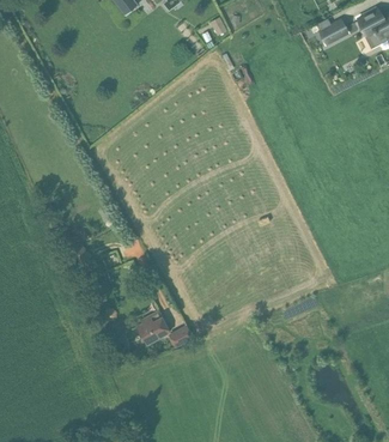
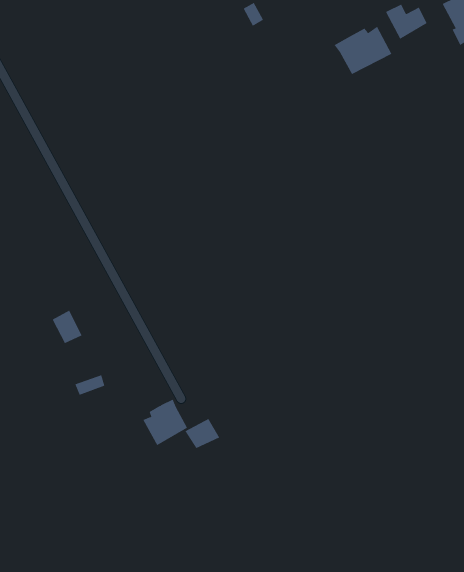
building: none -> [334,26,392,75]

